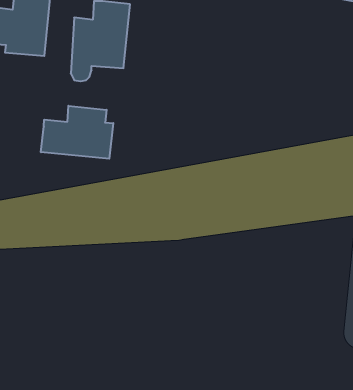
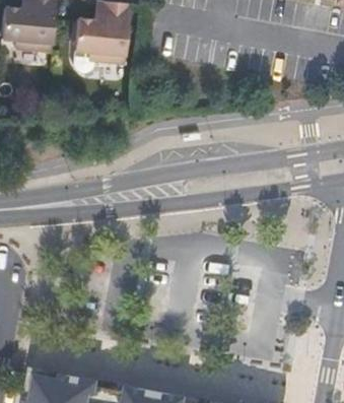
building: [41,106,113,159] -> none

